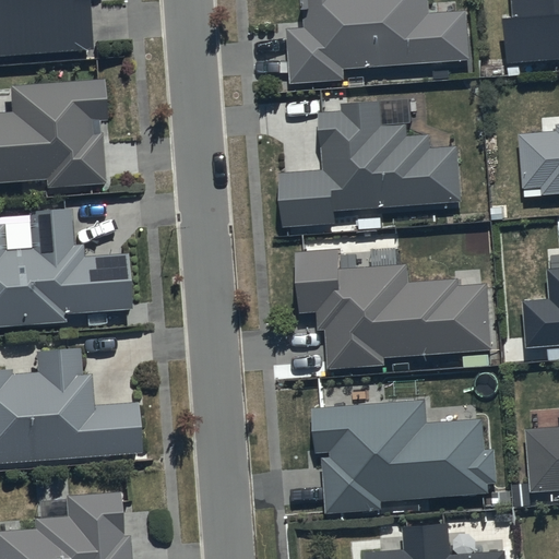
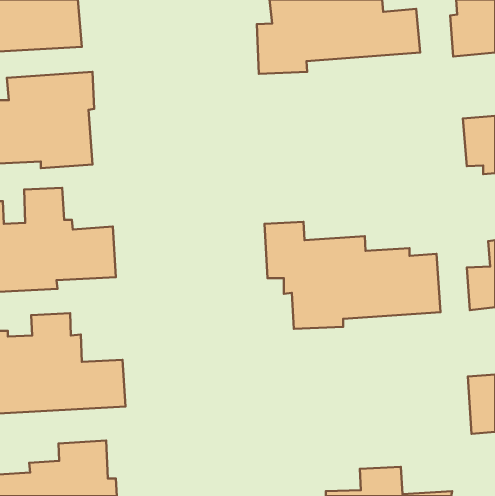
building: [281,102,463,228] -> none
building: [311,395,495,509] -> none

